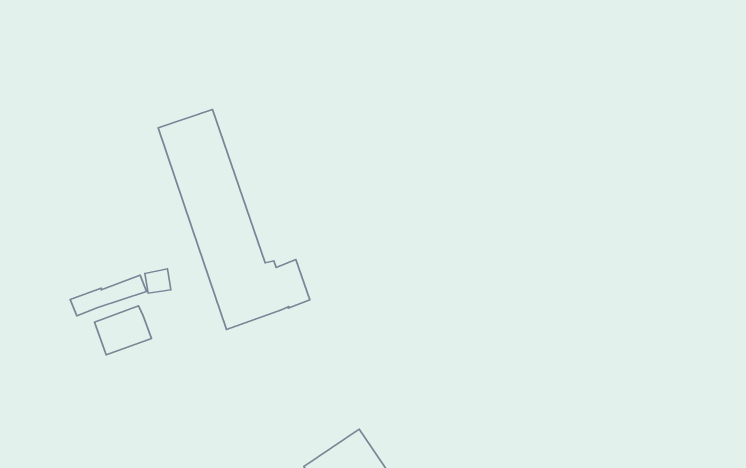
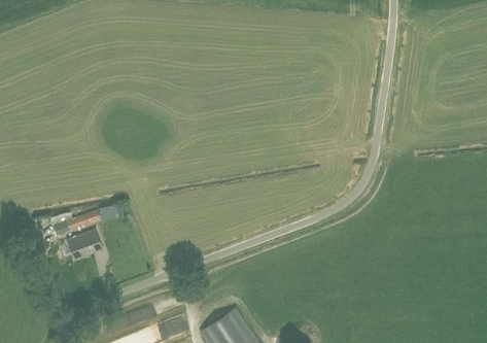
building: [158,110,310,330] -> none

